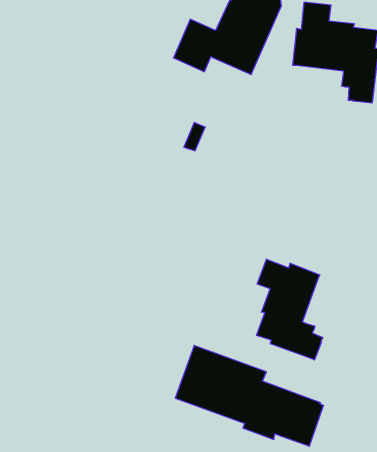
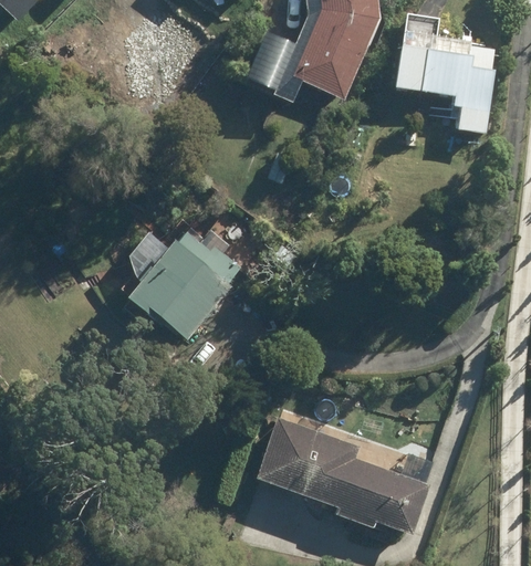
building: none -> [123,232,241,342]
building: [256,259,323,360] -> none

